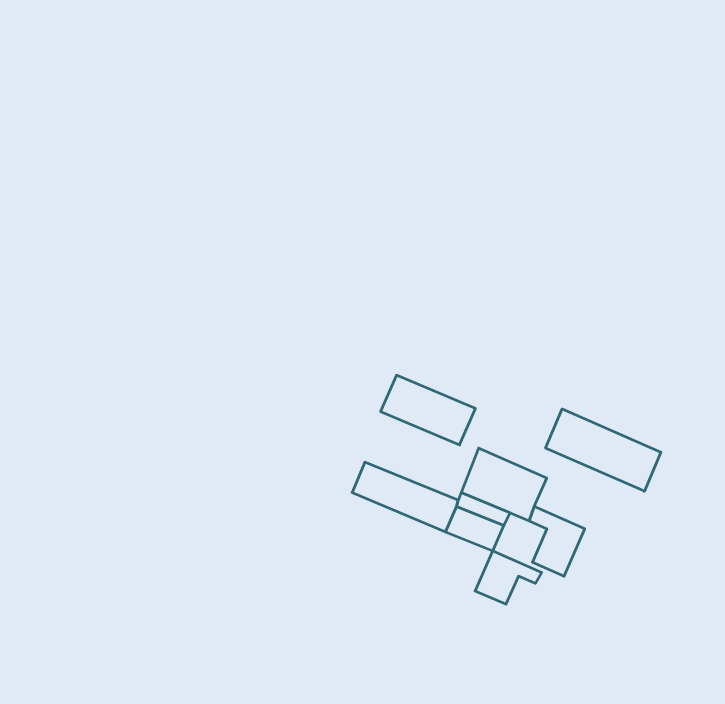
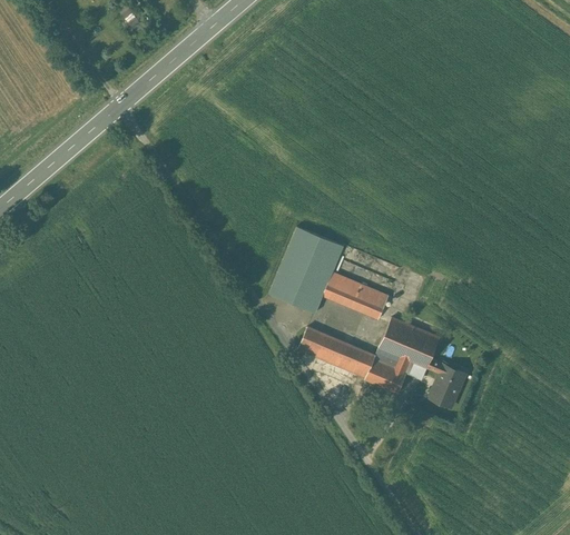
building: none -> [269,226,343,311]
building: [546,409,661,491] -> none
building: [475,551,542,604] -> none

